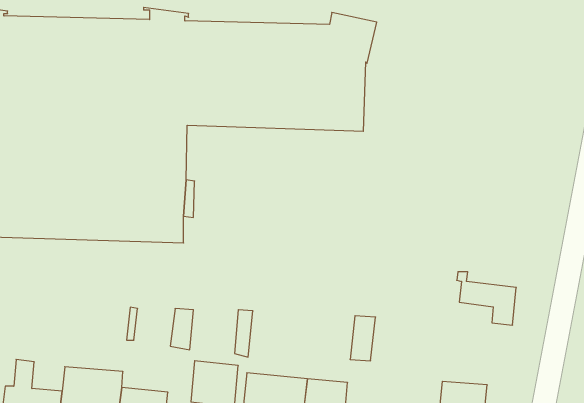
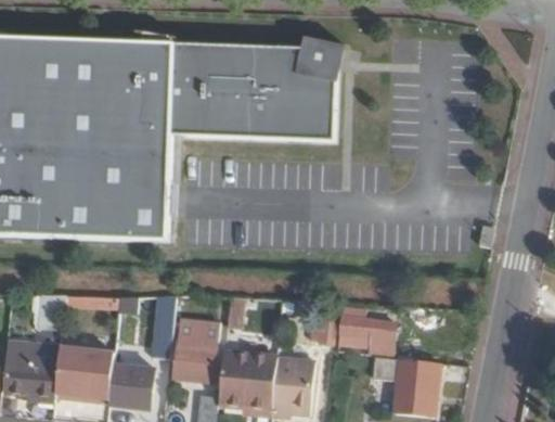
building: [457,272,516,325] -> [341,309,395,357]

